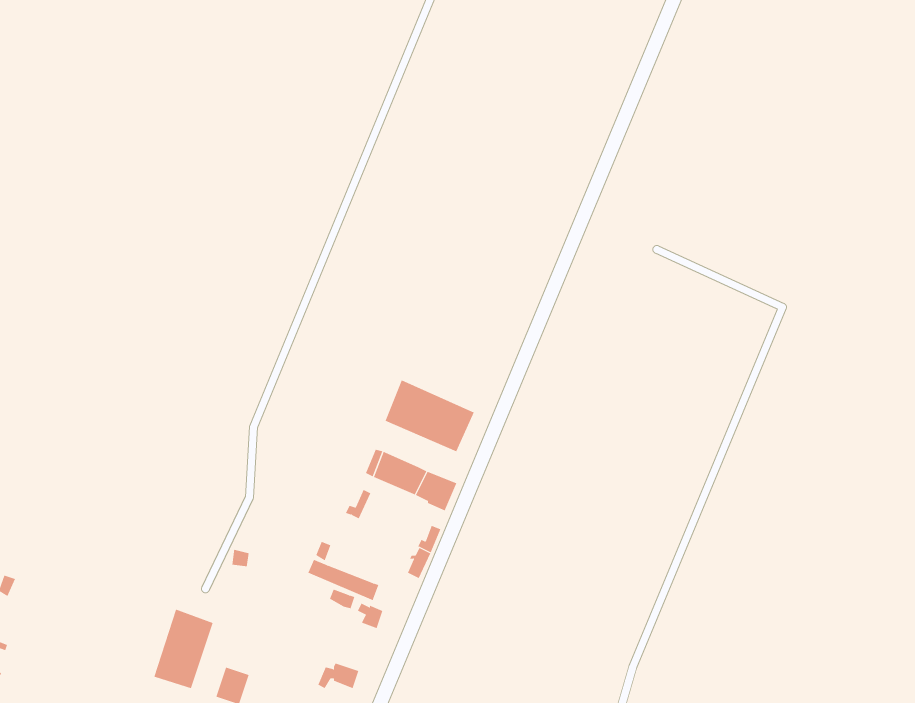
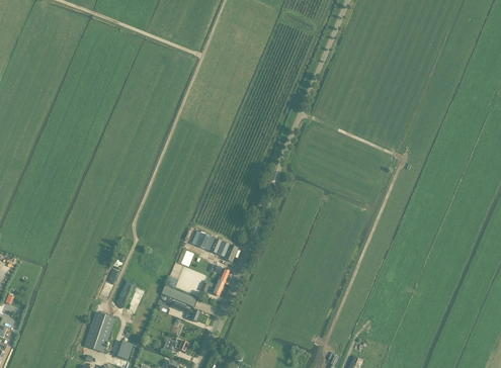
building: [385,380,475,452] -> none

